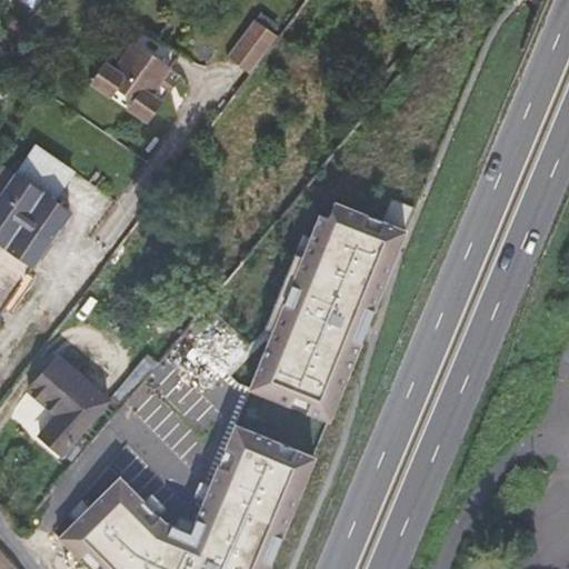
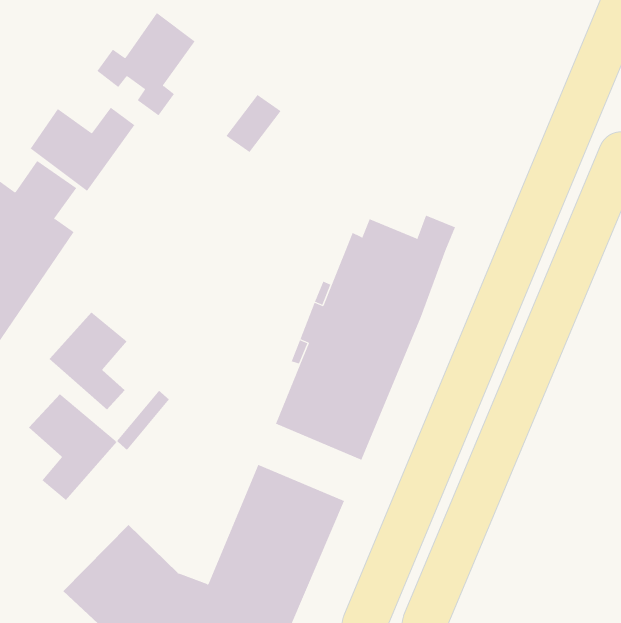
building: [223,21,274,74] -> [225,94,282,153]
building: none -> [30,107,135,192]
building: none -> [48,311,127,410]

